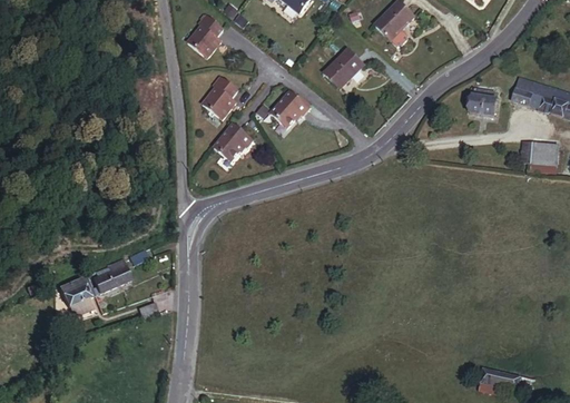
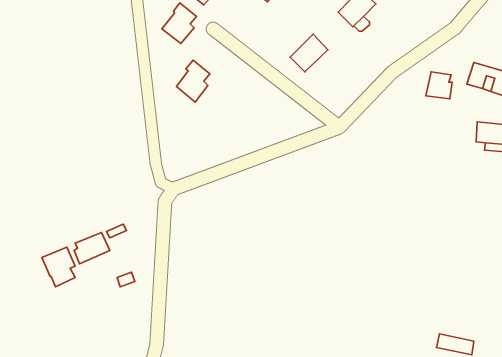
building: [269,90,308,128] -> none
building: [213,124,252,161] -> none

